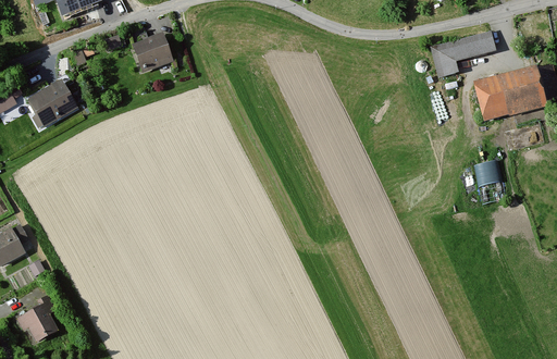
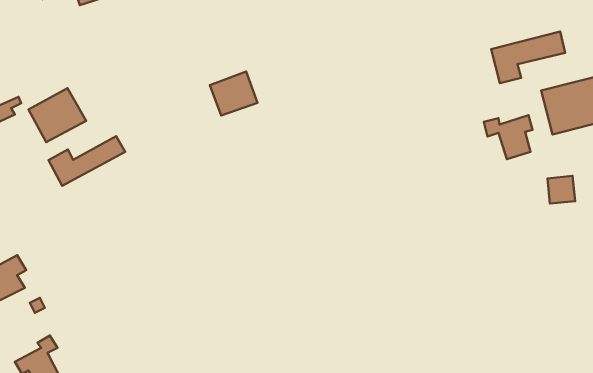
building: [132,32,173,70] -> [210,71,258,115]
building: none -> [484,115,532,159]
building: none -> [49,136,125,186]

